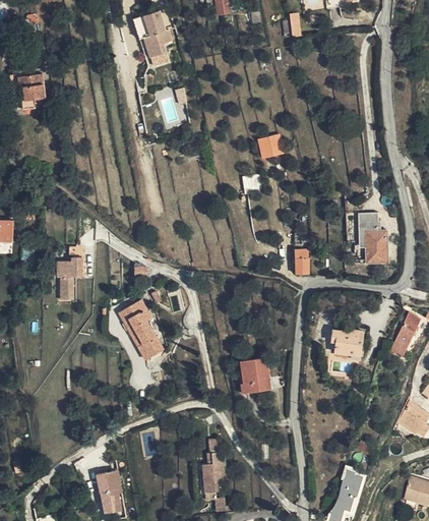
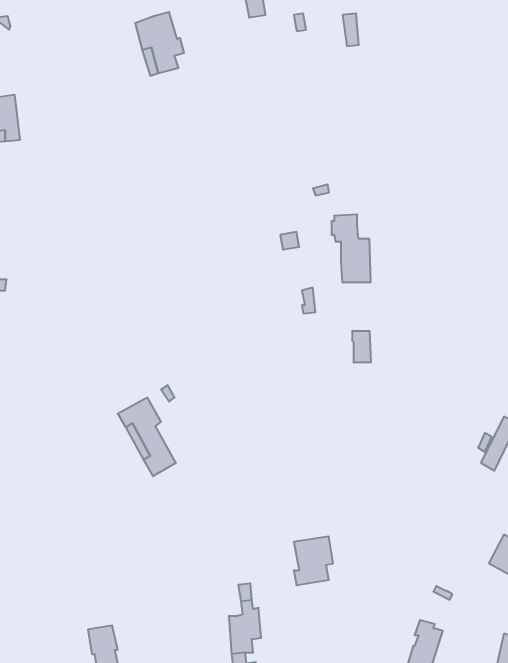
building: [358,212,387,263] -> [331,214,371,282]
building: [58,257,81,300] -> none
building: [331,330,363,354] -> none
building: [240,357,269,394] -> [294,536,333,585]

